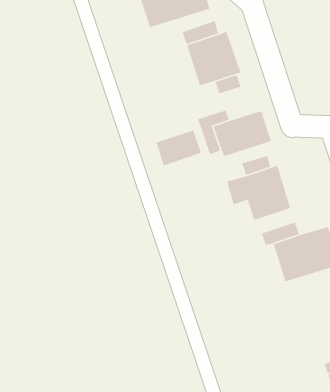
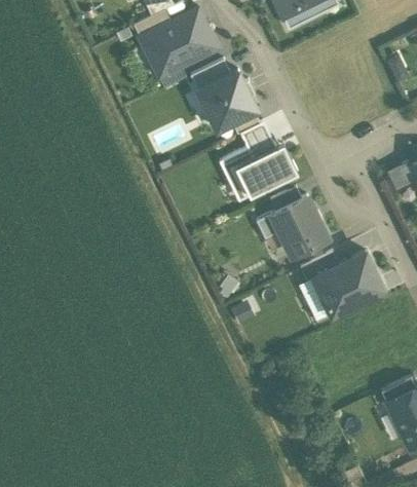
building: none -> [240,122,276,159]
building: [156,129,202,166] -> none

